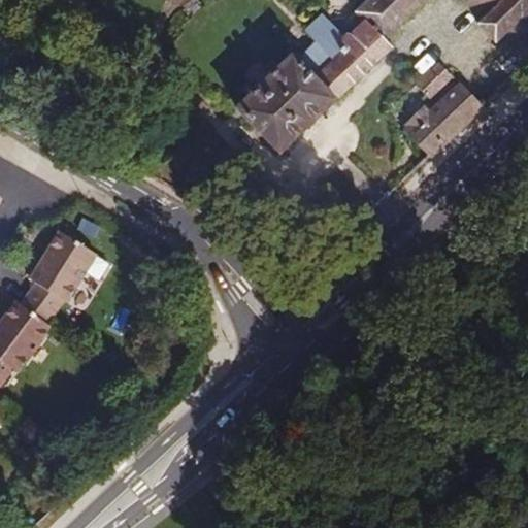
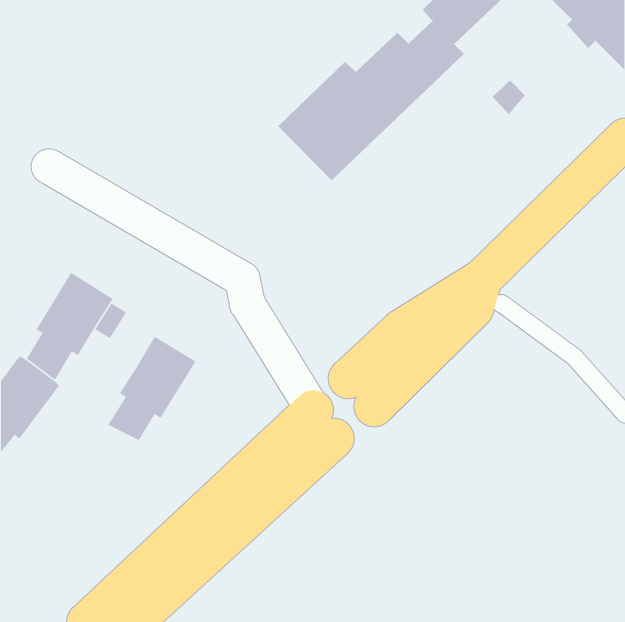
building: [405,81,481,154] -> none
building: none -> [107,336,196,441]

